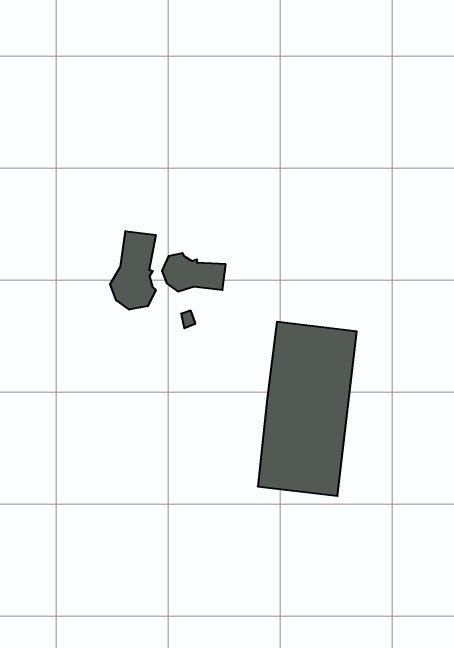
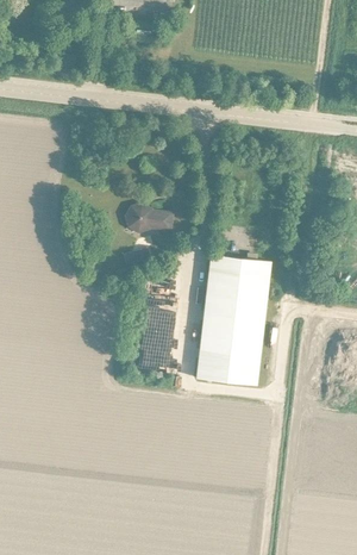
building: [110,231,156,310] -> none

